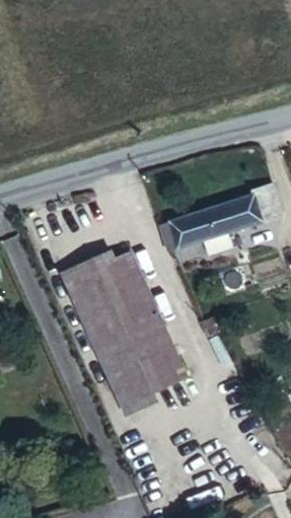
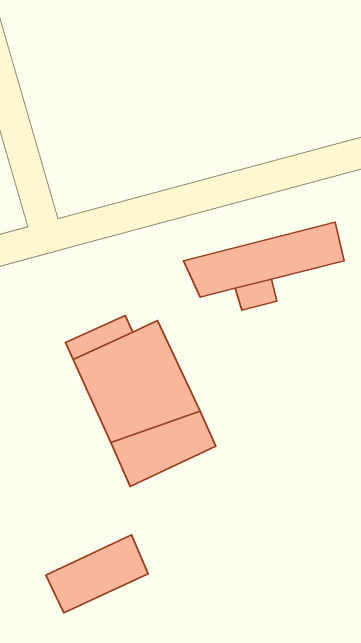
building: [110,358,190,419] -> [46,535,148,613]

